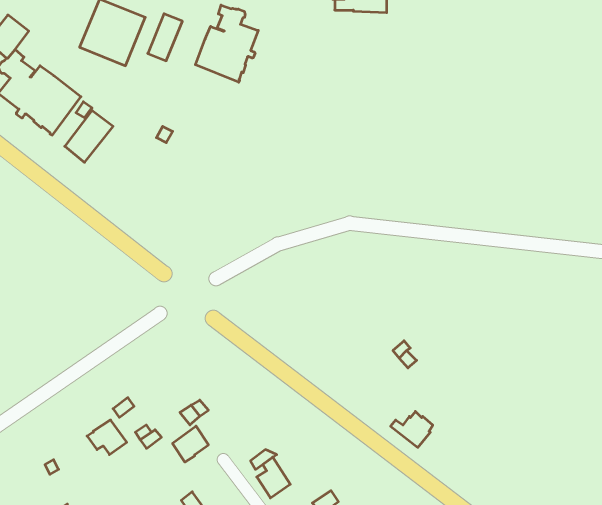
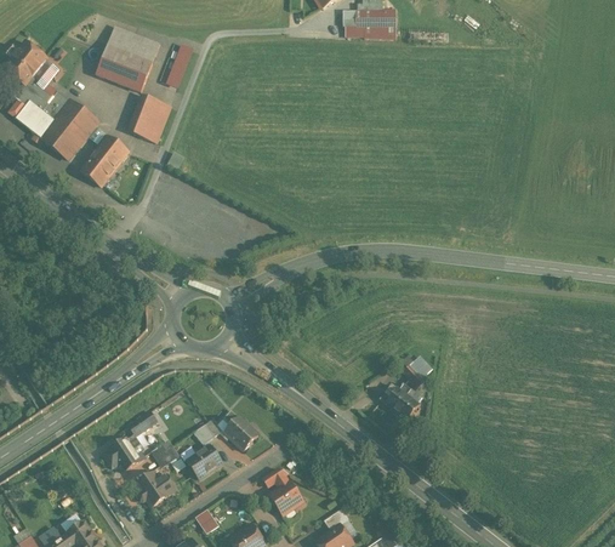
building: [195,5,258,82] -> none
building: none -> [133,96,171,142]
building: none -> [224,417,260,451]
building: [391,411,433,447] -> [380,383,421,418]
building: none -> [135,471,175,506]

